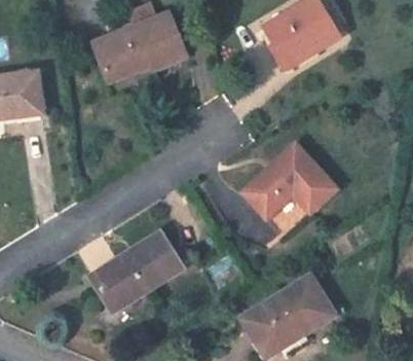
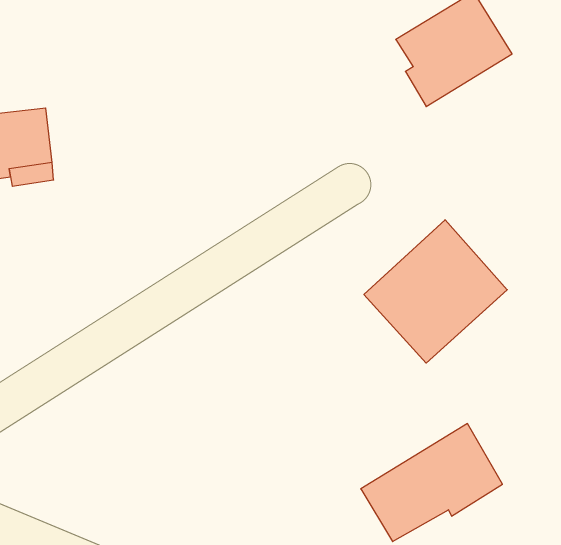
building: [92,13,186,80] -> none
building: [90,232,181,310] -> none

